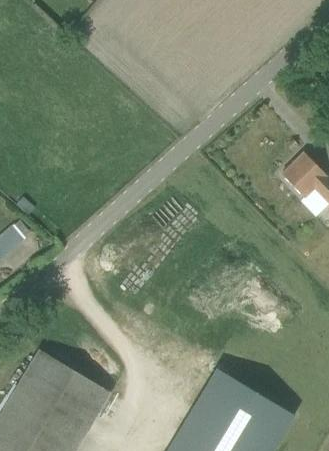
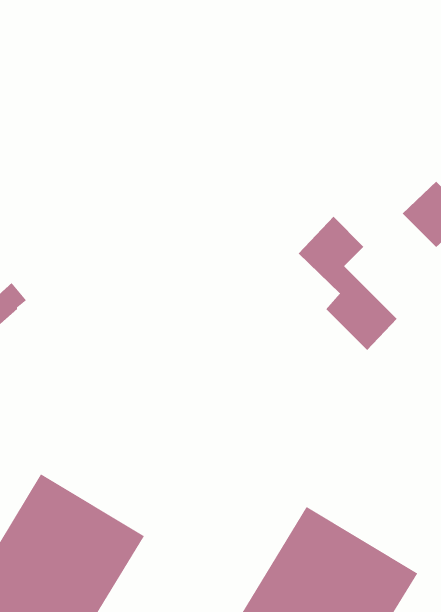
building: none -> [298,216,398,351]

